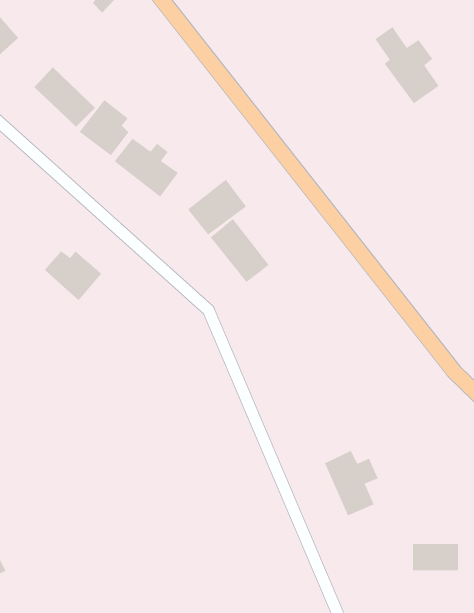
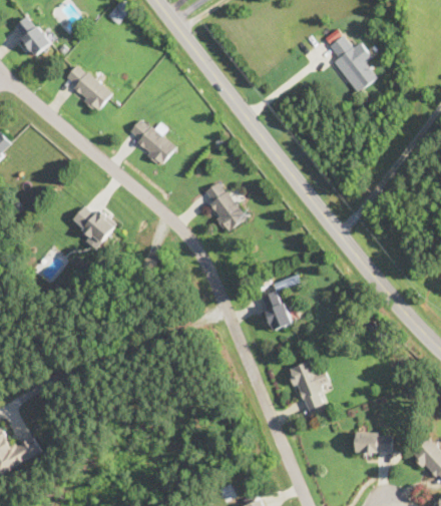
building: [79,99,129,156] -> none
building: [187,179,247,235] -> none
building: none -> [259,290,293,331]

